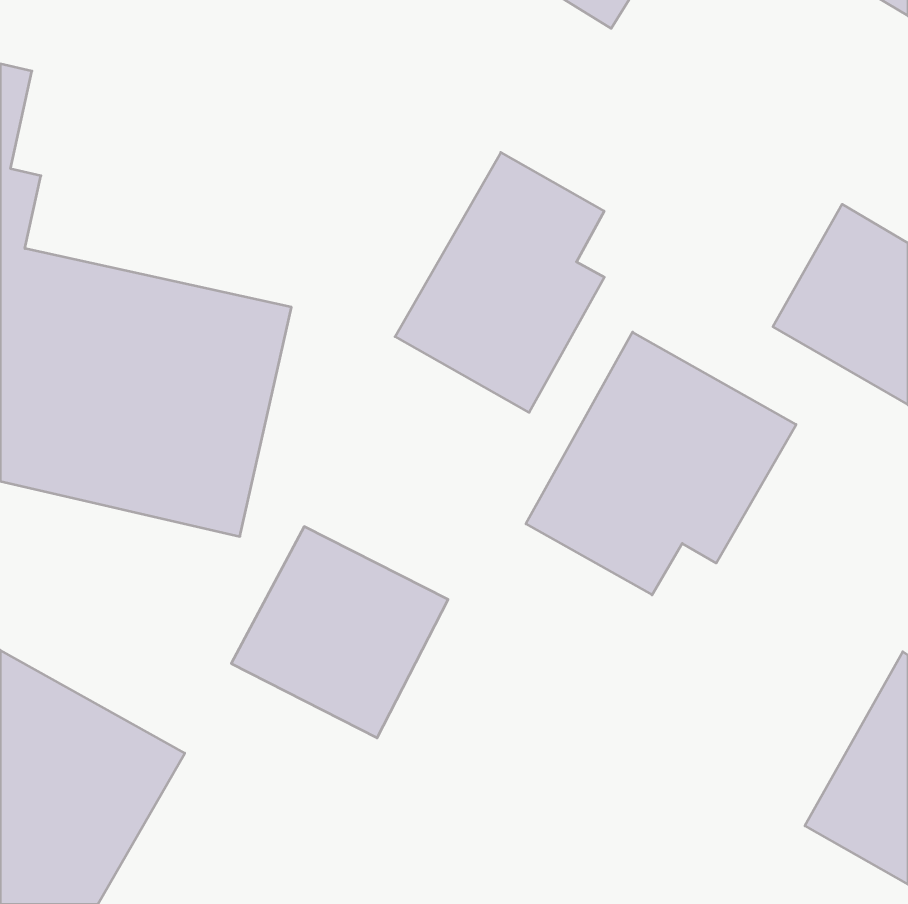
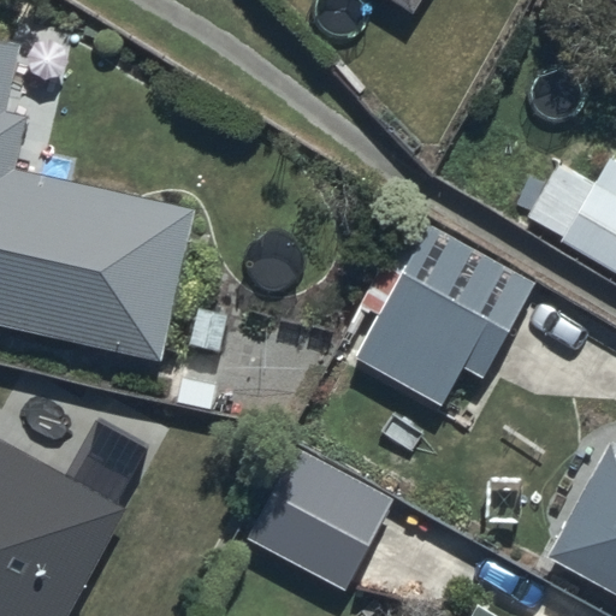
building: [395,152,604,412] -> none
building: [231,527,448,738] -> [247,446,393,590]

